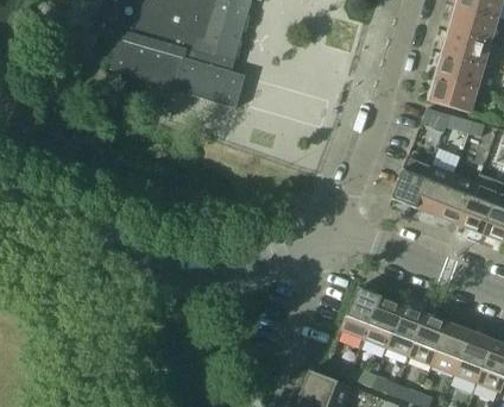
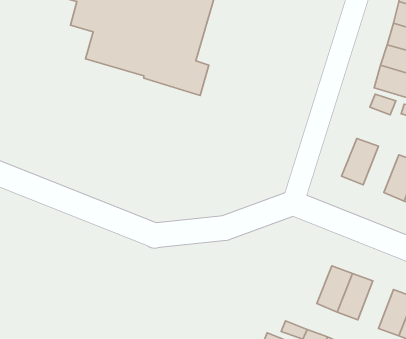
building: [415,164,454,215] -> none
building: [340,287,380,338] -> none
building: [409,313,448,365] -> none

